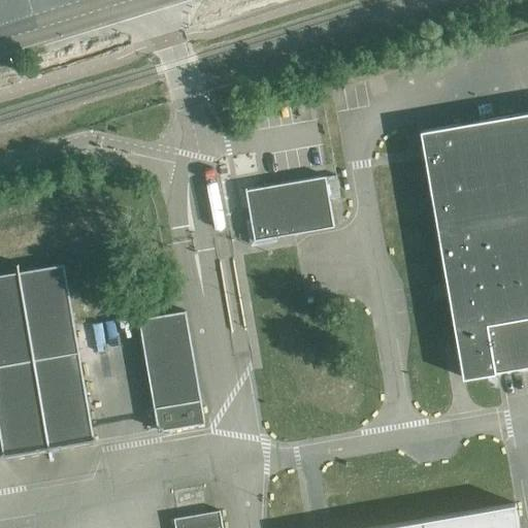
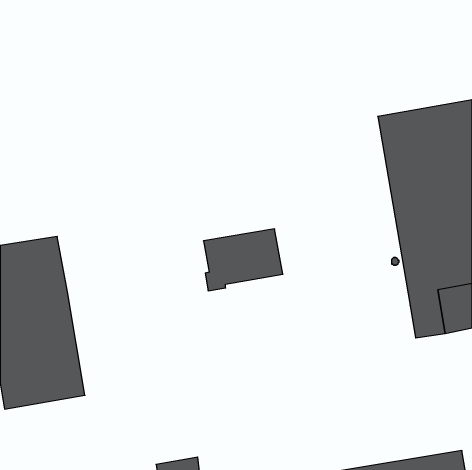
building: [246,177,335,246] -> [203,229,283,291]
building: [140,312,205,432] -> none

